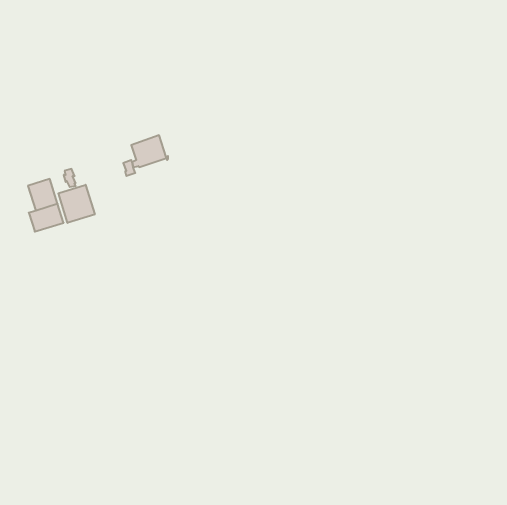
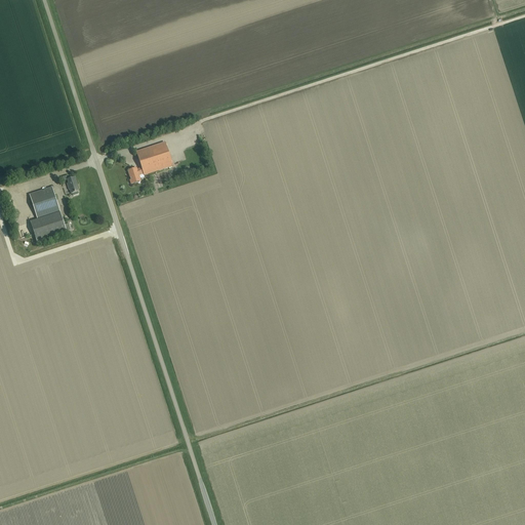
building: [58,185,95,223] -> none

